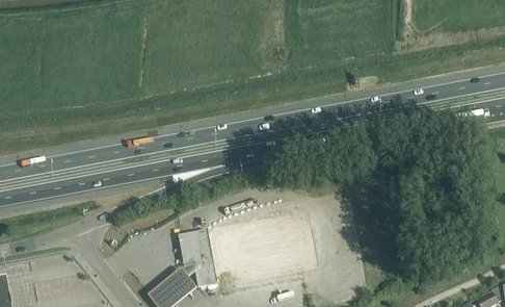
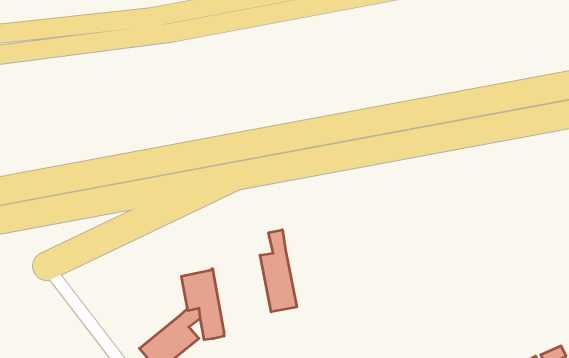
building: none -> [260,230,297,312]

